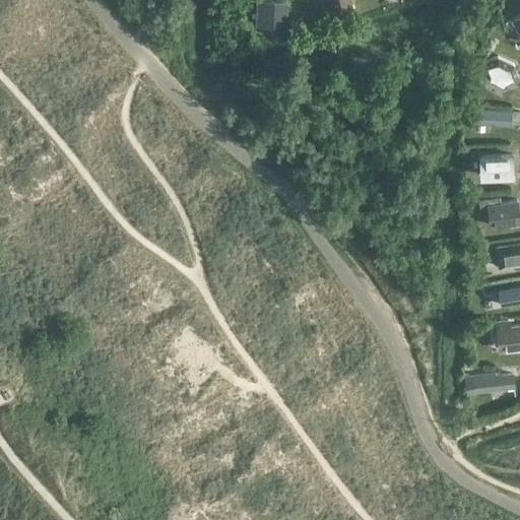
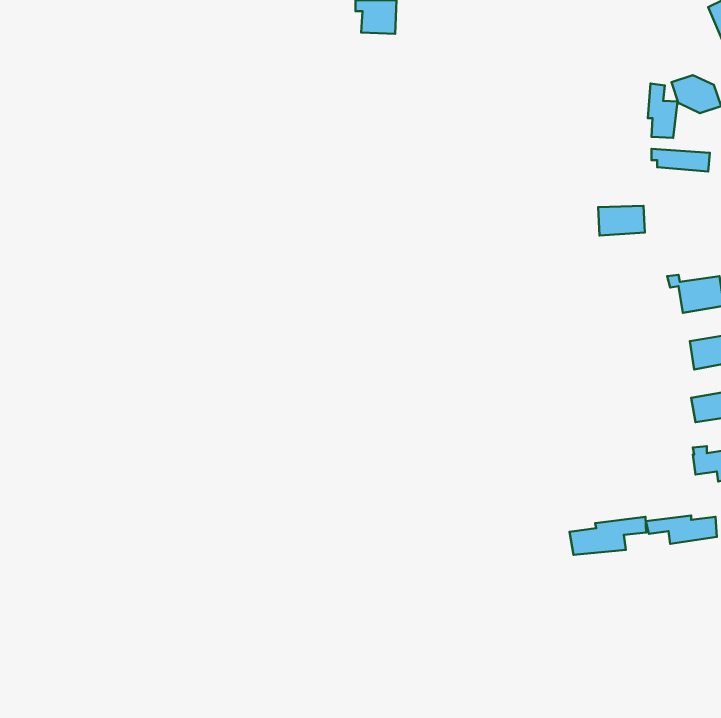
building: none -> [648,83,677,138]
building: [480,156,514,178] -> [598,206,645,235]
building: none -> [569,517,646,555]

